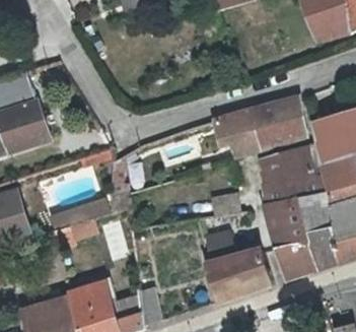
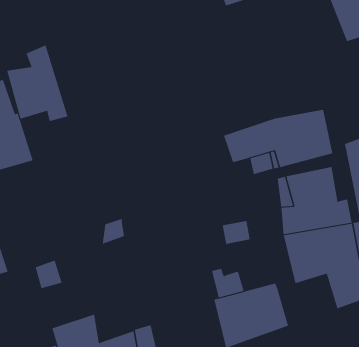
building: none -> [6,44,68,122]
building: [274,239,309,277] -> none

